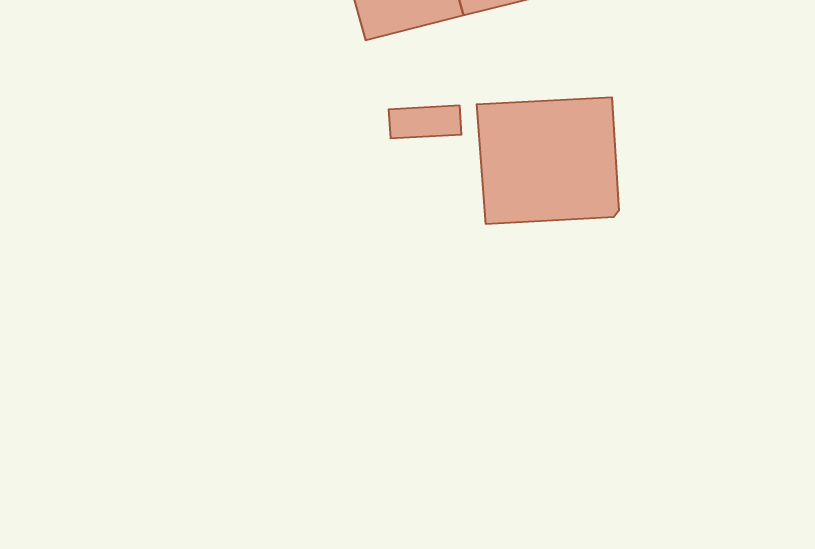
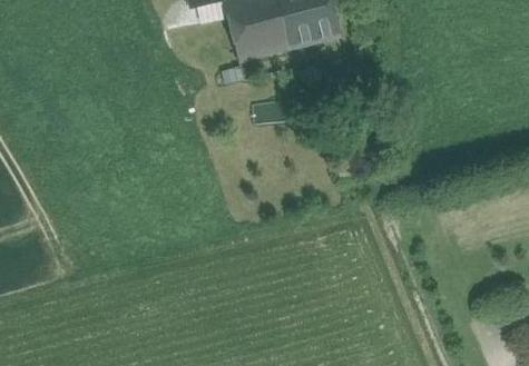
building: [477,97,619,224] -> none

